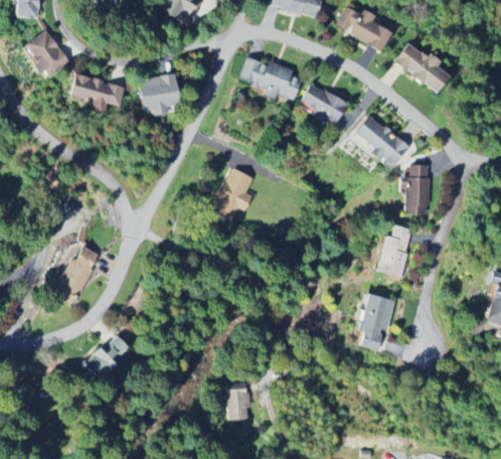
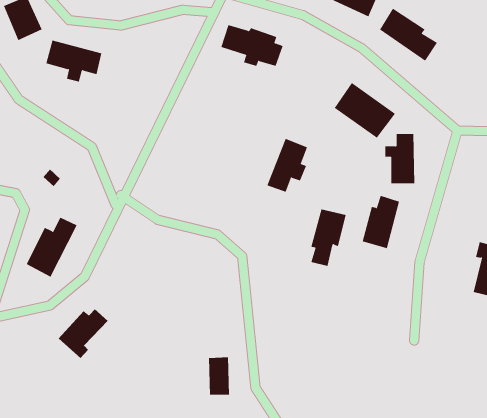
building: [140,75,178,111] -> none
building: [301,84,346,126] -> none
building: [213,167,254,220] -> [267,138,308,193]
building: [361,294,396,350] -> [311,209,347,266]

